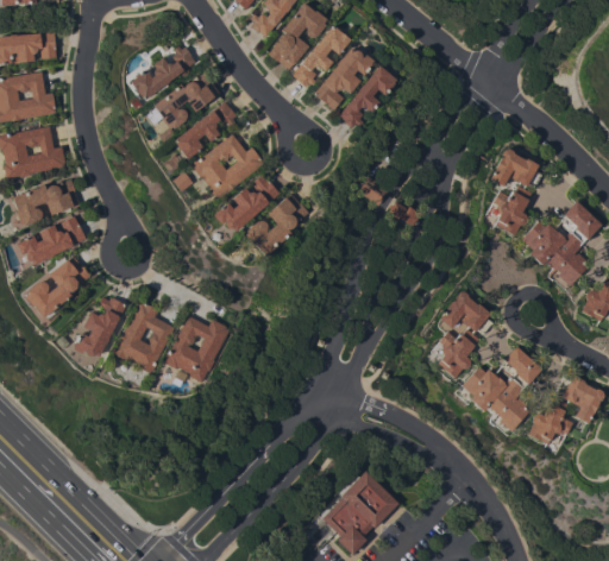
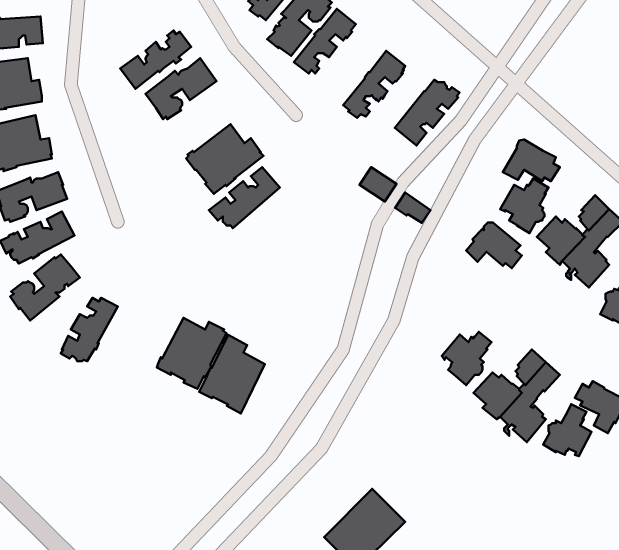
building: [314,48,375,109] -> [395,80,460,146]
building: [174,101,237,158] -> none
building: [245,193,309,256] -> none
building: [440,291,492,334] -> [466,223,522,268]
building: [113,300,175,373] -> [199,335,265,413]

